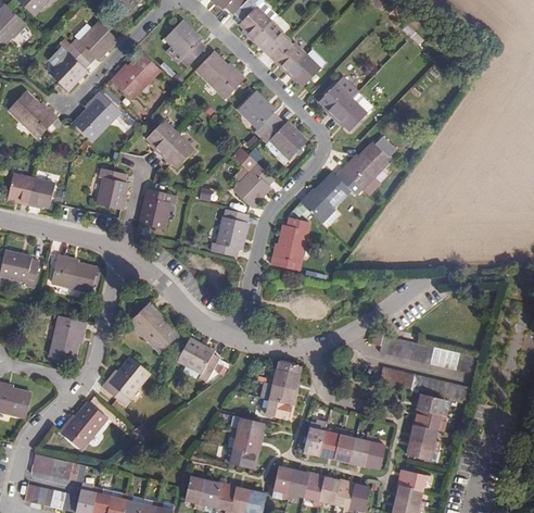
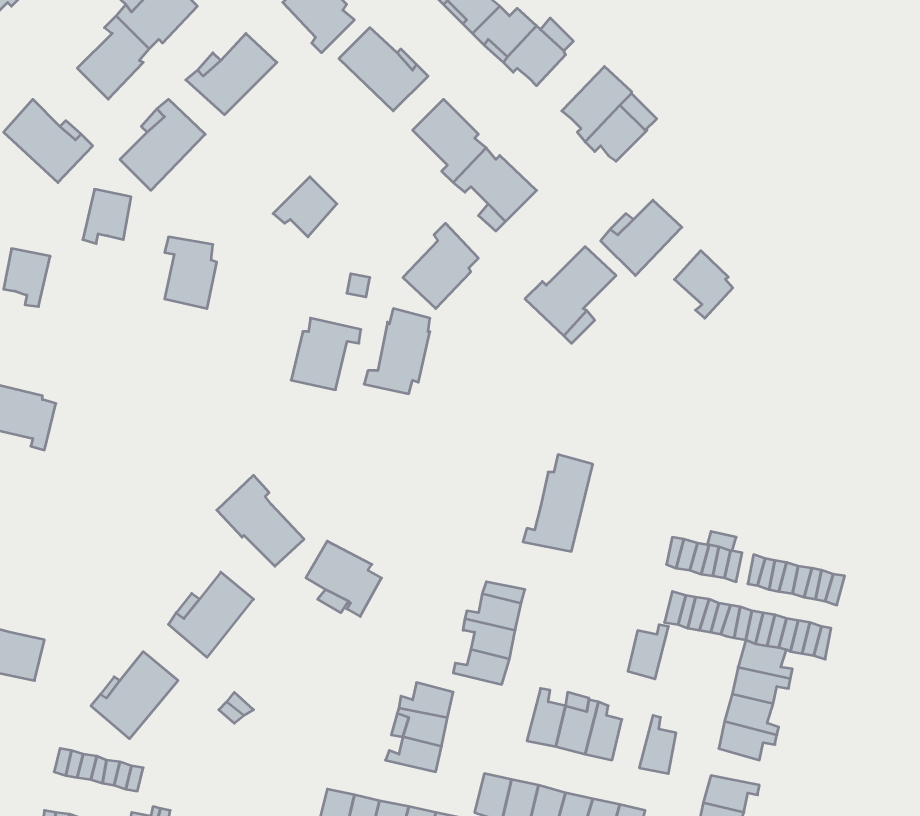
building: [145,118,179,154] -> none
building: none -> [674,251,733,318]
building: [27,178,54,209] -> [83,189,131,244]
building: [138,188,177,228] -> [291,318,361,390]
building: [271,214,310,268] -> [523,455,593,551]
building: [49,253,96,290] -> none
building: [41,313,77,359] -> none
building: [348,435,371,465] -> [628,625,669,679]

